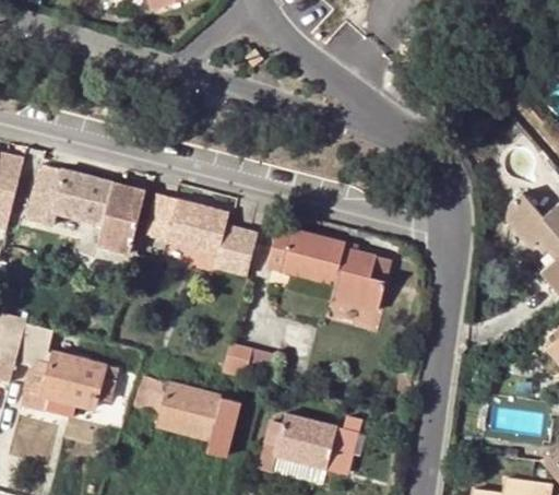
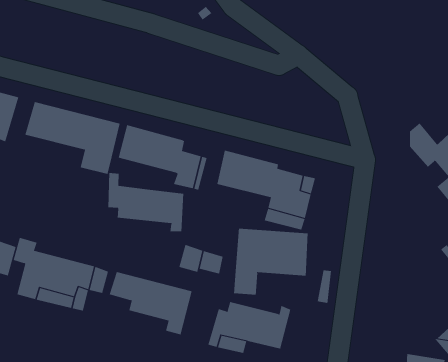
building: none -> [108,172,184,232]
building: none -> [233,228,308,296]

